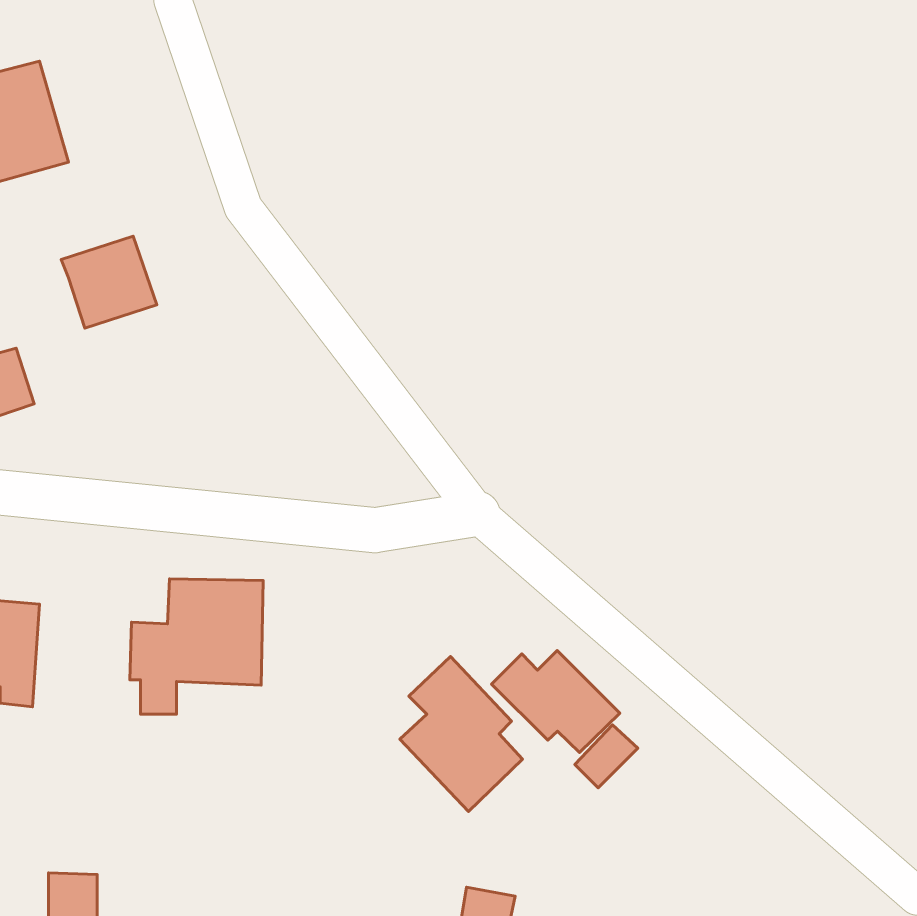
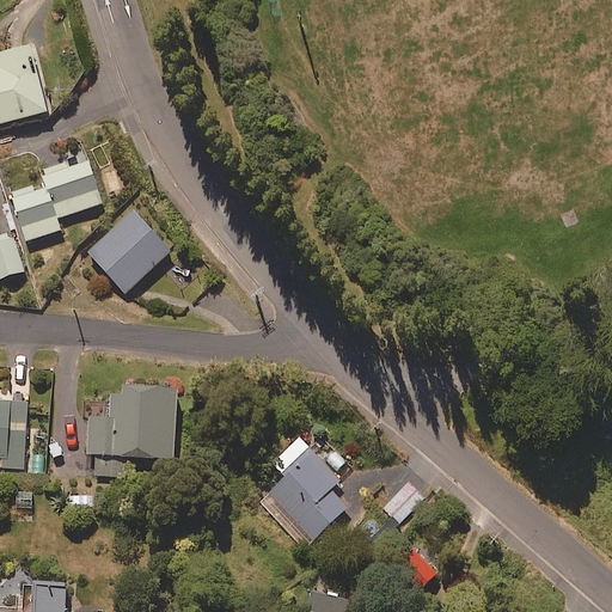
building: none -> [7,186,60,241]
building: none -> [86,208,173,294]
building: [491,650,620,753] -> none

